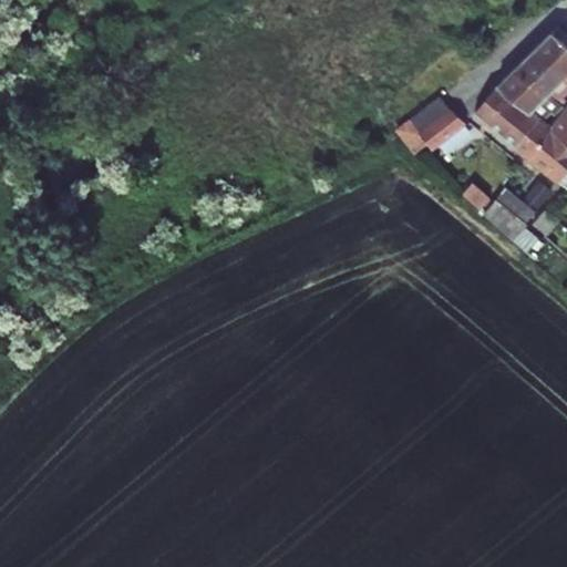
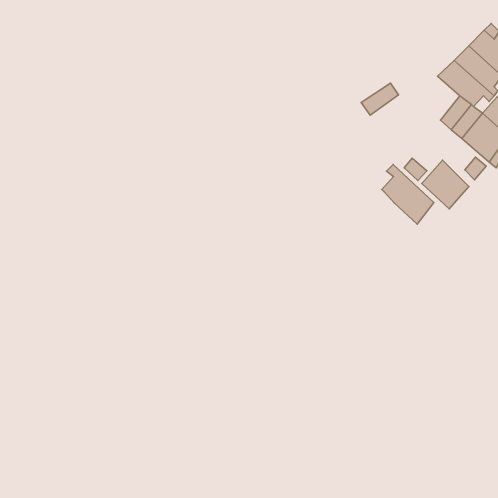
building: [474,87,523,137] -> none
building: [421,109,470,151] -> none
building: none -> [382,164,434,224]

